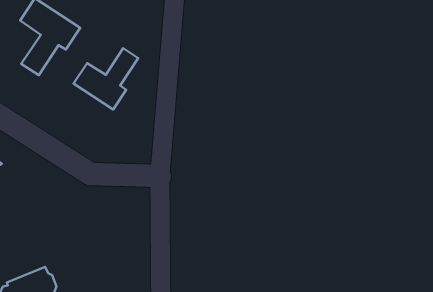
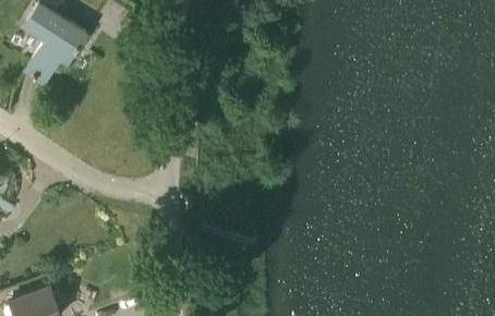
building: [73,48,138,110] -> none

